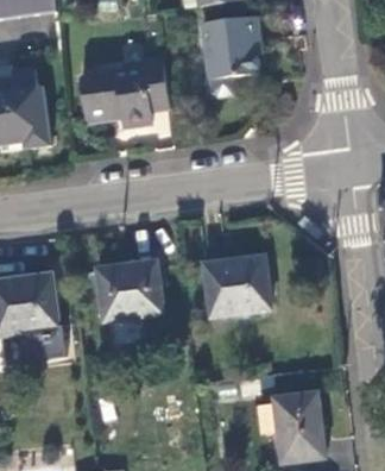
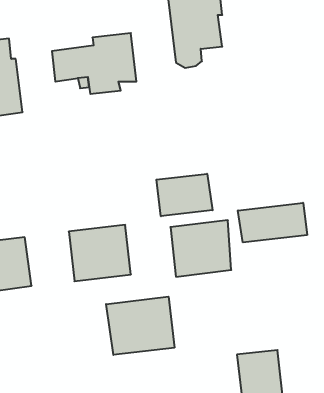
building: none -> [156,174,213,216]
building: none -> [238,203,307,242]
building: none -> [106,297,174,355]

